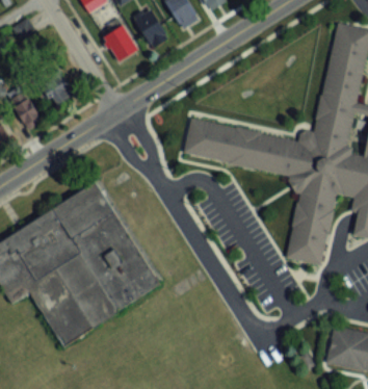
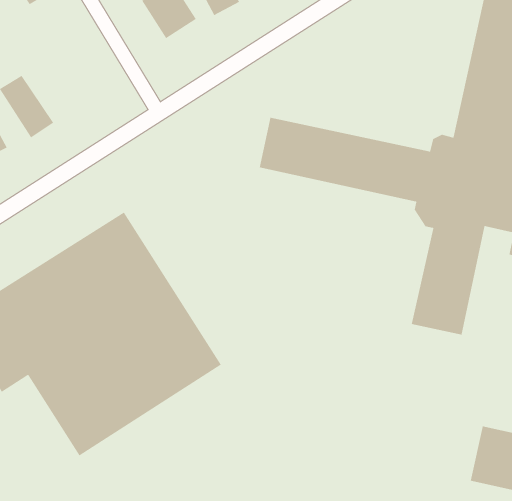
building: [42,78,75,107] -> none

